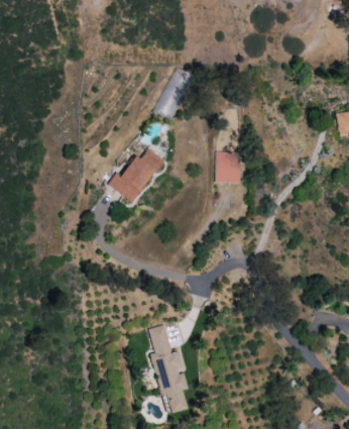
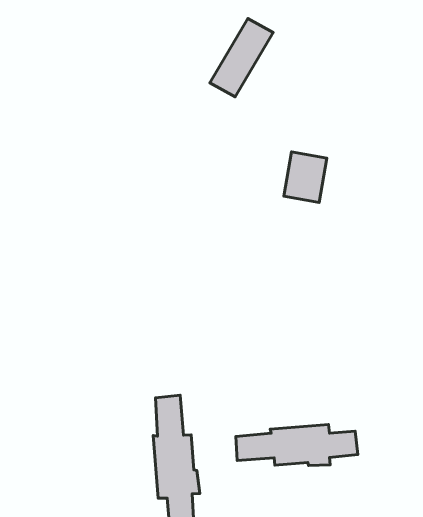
building: [108,148,162,202] -> none
building: none -> [236,425,358,465]

